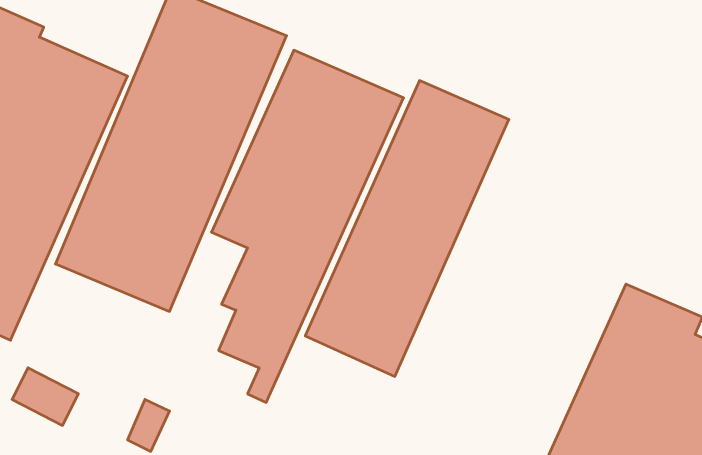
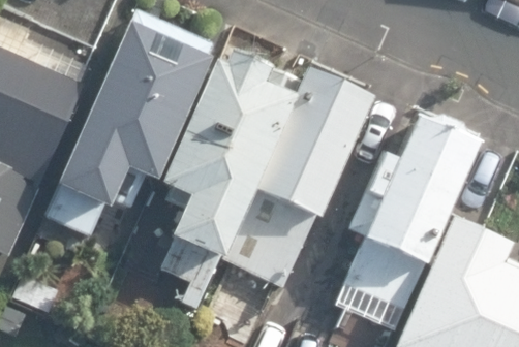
building: none -> [336,120,472,311]

